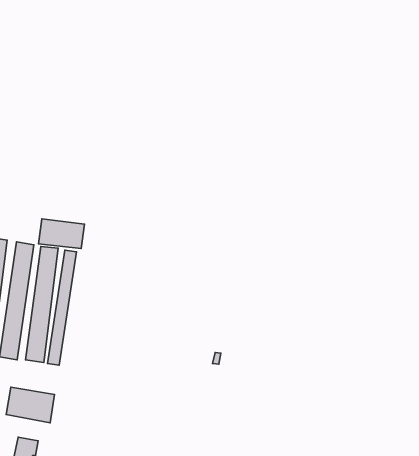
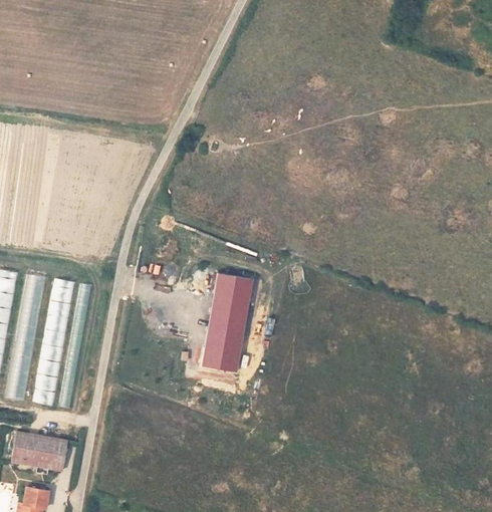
building: [38,219,84,249] -> none
building: none -> [202,273,252,371]

